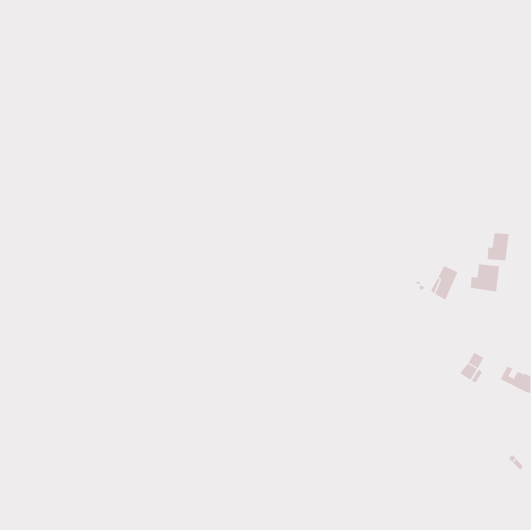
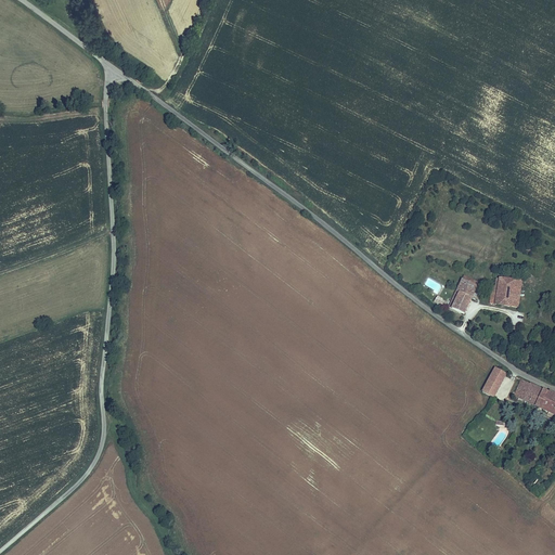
building: [487,233,509,261] -> none

